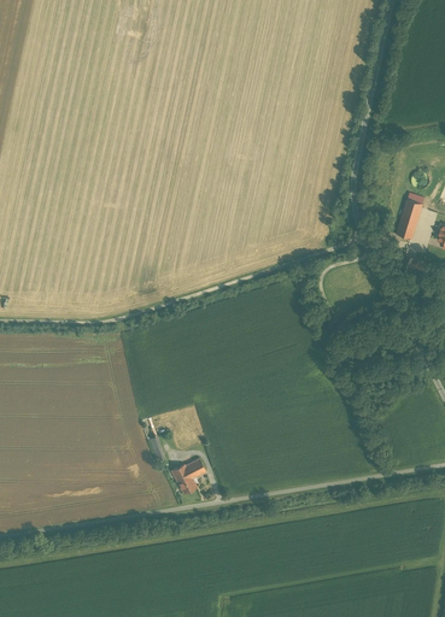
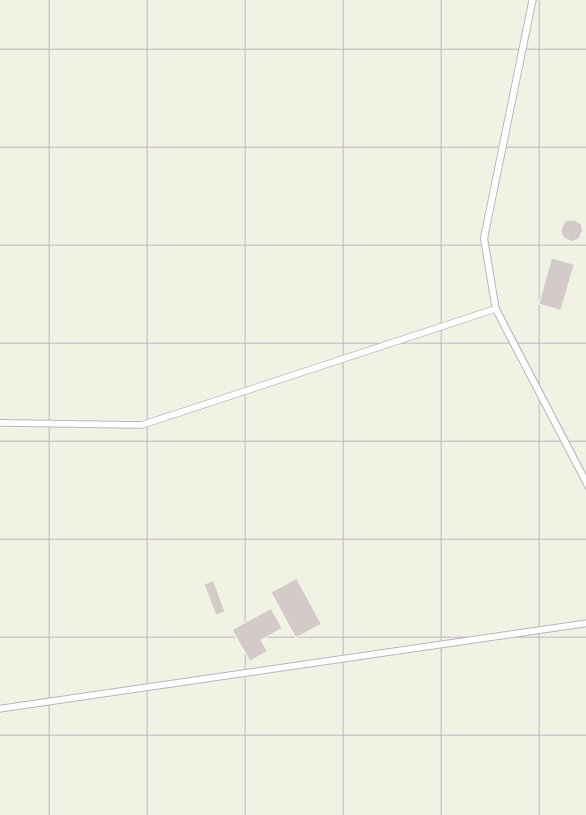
building: none -> [271,578,322,638]

